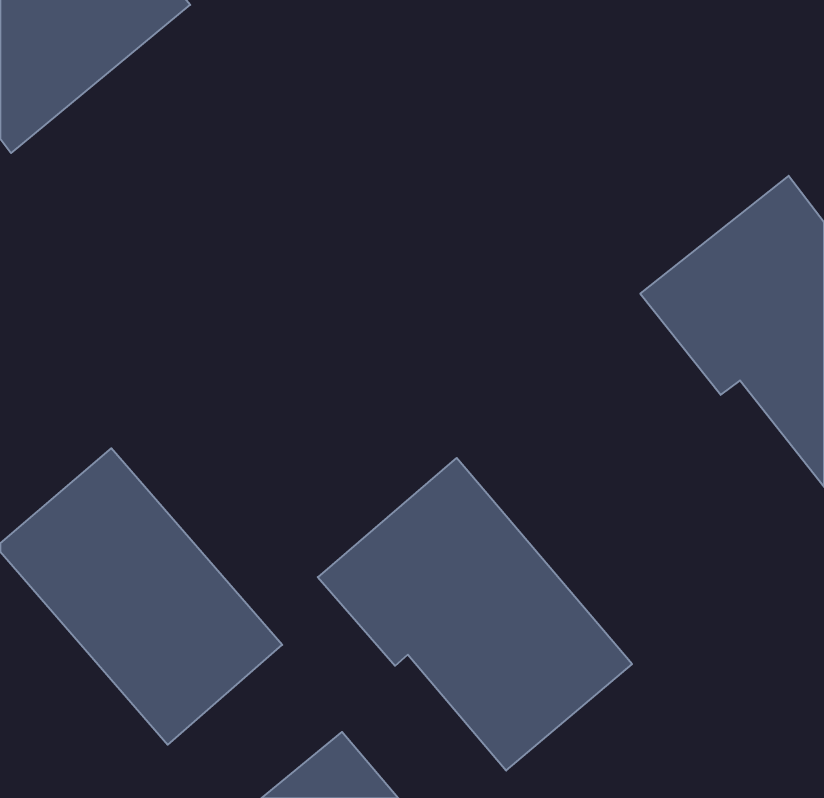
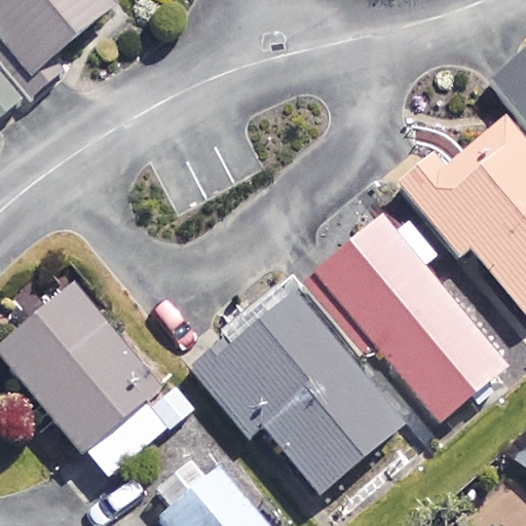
building: none -> [312,220,505,422]

